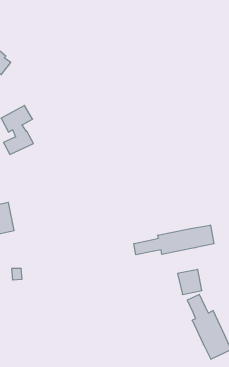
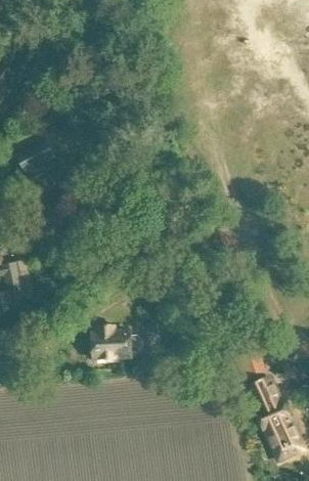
building: [134,225,214,255] -> none
building: none -> [93,326,144,360]

